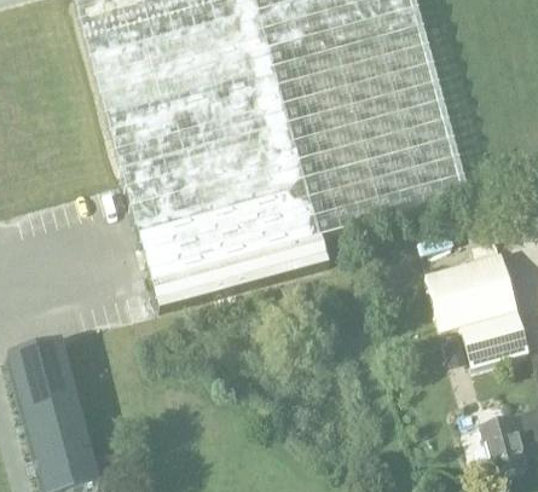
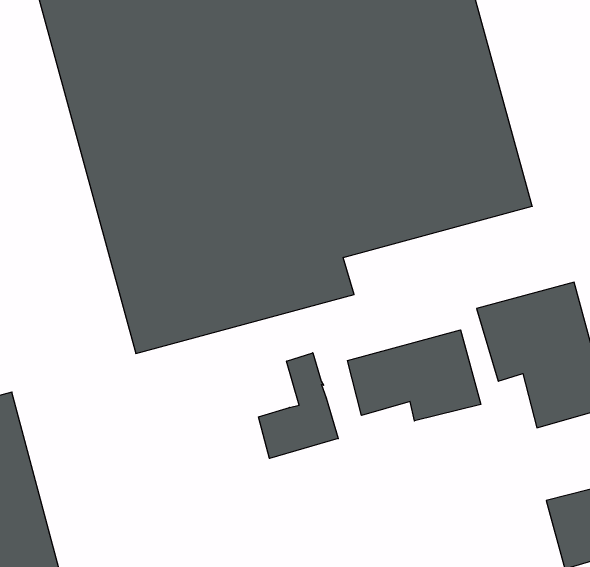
building: none -> [348,330,481,421]
building: none -> [258,353,338,458]

